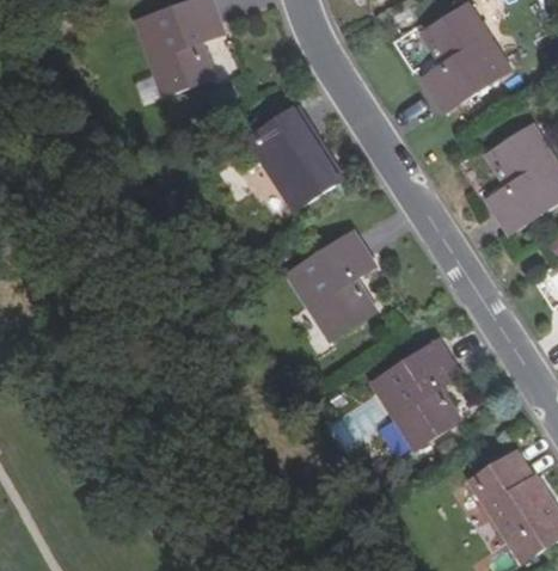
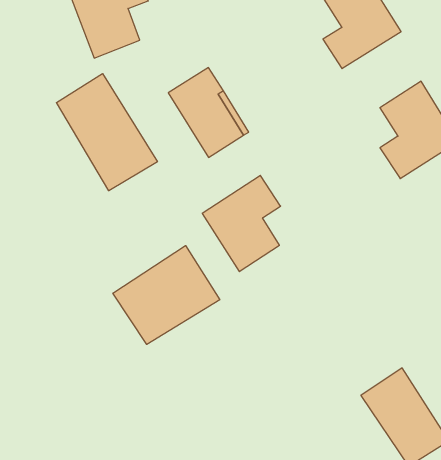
building: none -> [56,74,157,191]
building: none -> [113,246,220,344]
building: [370,342,460,450] -> none

